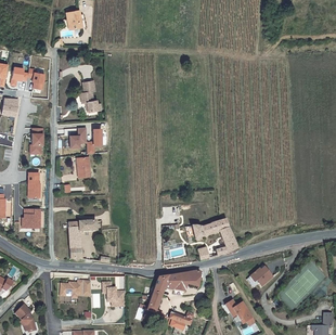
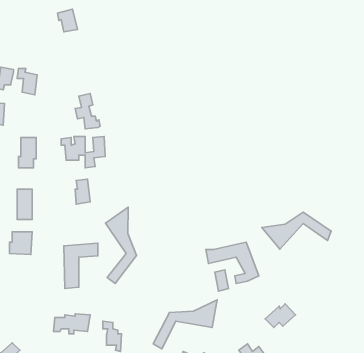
building: none -> [105,207,137,283]
building: none -> [262,212,331,249]

